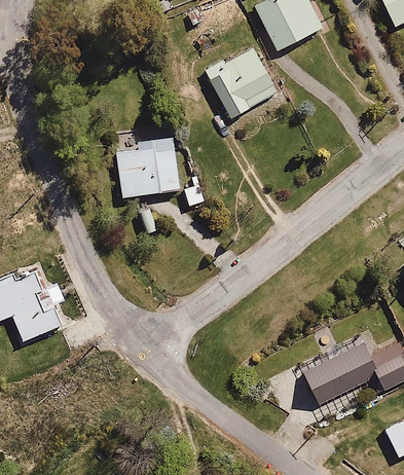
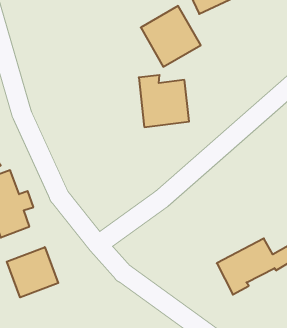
building: [115,132,180,198] -> [139,75,189,127]
building: none -> [7,247,58,297]

